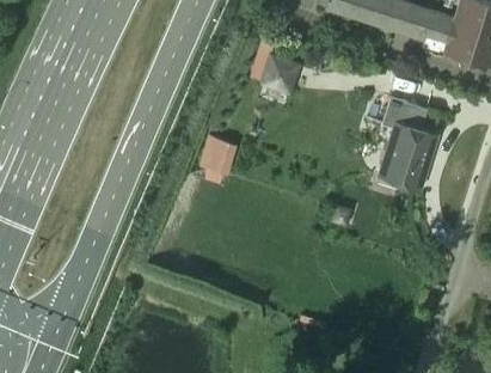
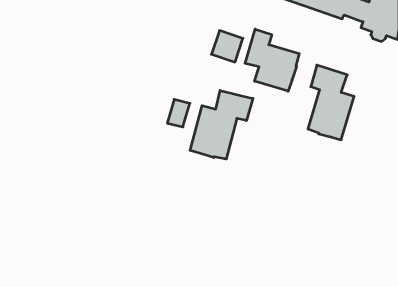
building: none -> [245,29,299,91]
building: none -> [190,90,253,159]

